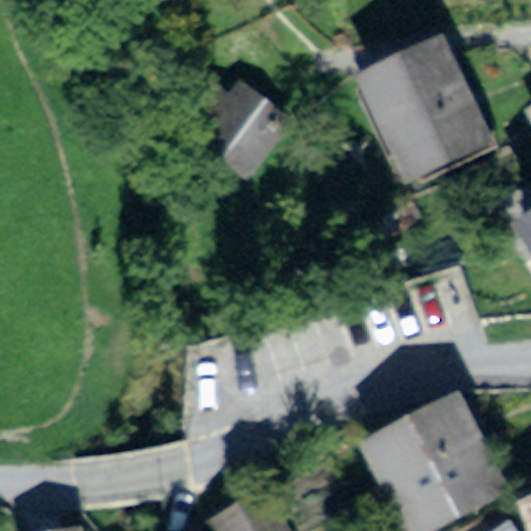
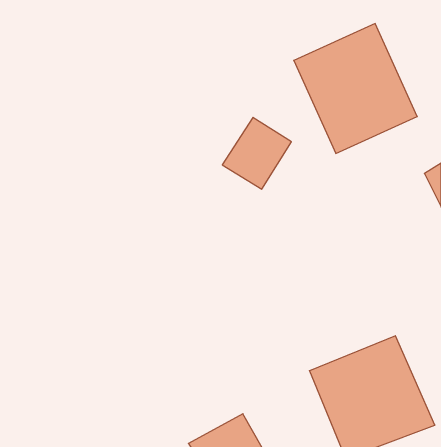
building: [195,88,277,173] -> [222,117,291,189]

